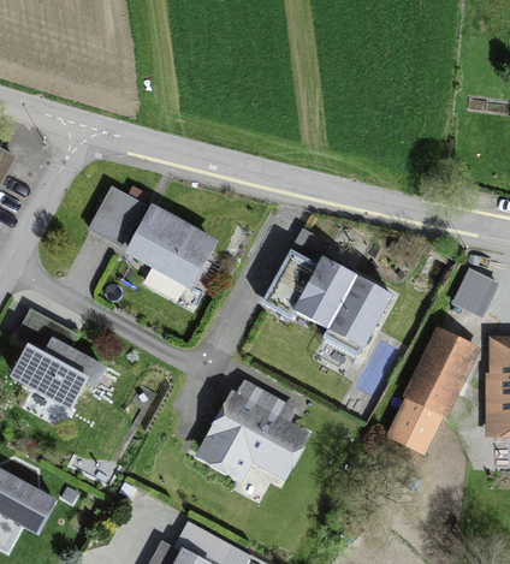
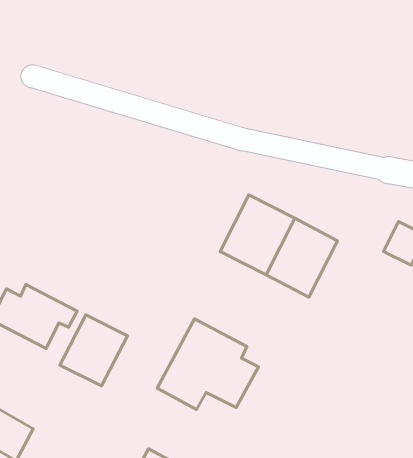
building: [85,182,221,292] -> none
building: [382,328,478,457] -> none
building: none -> [60,315,127,386]

